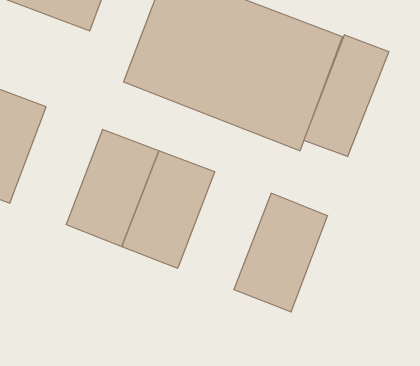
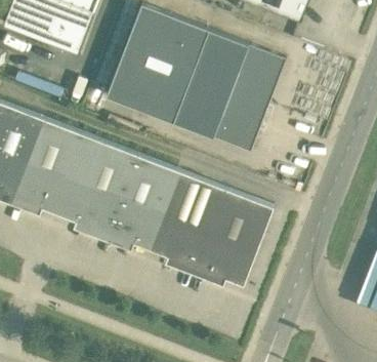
building: [304,35,389,157] -> none
building: none -> [12,117,88,213]
building: none -> [150,170,226,267]

